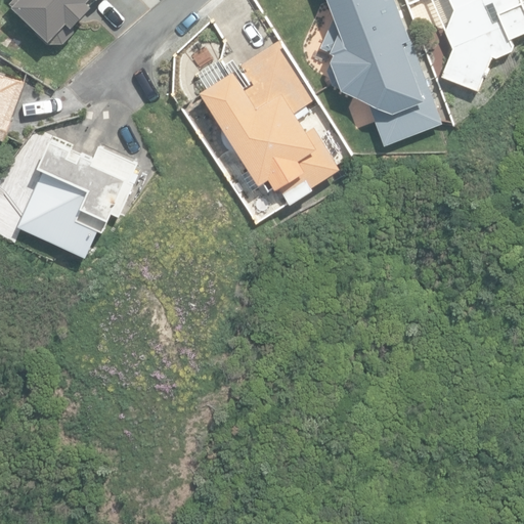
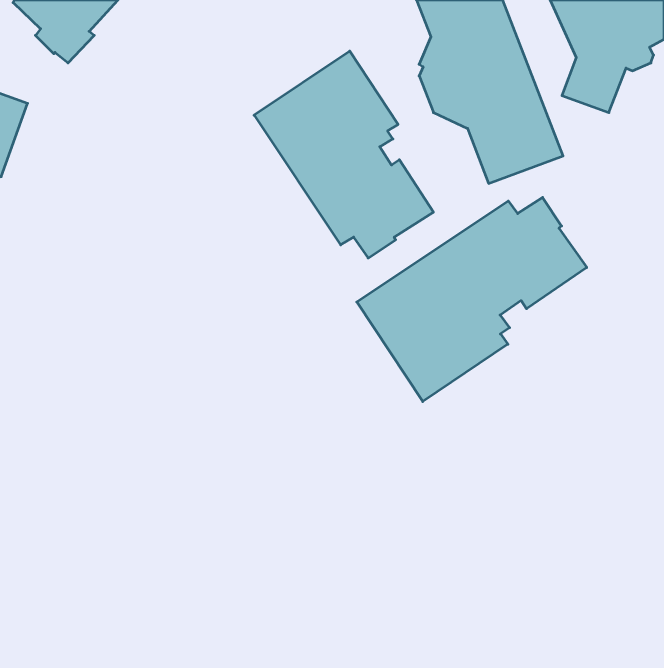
building: [15,128,135,257] -> none
building: none -> [357,197,587,402]

